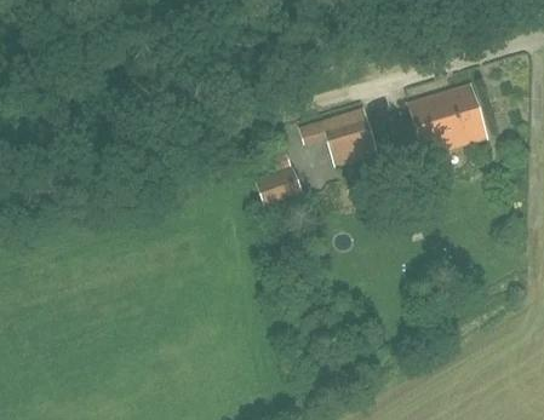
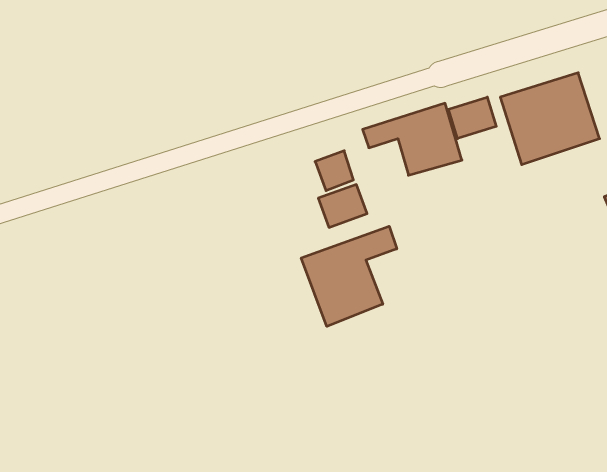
building: none -> [449,97,496,139]
building: none -> [301,226,397,326]

